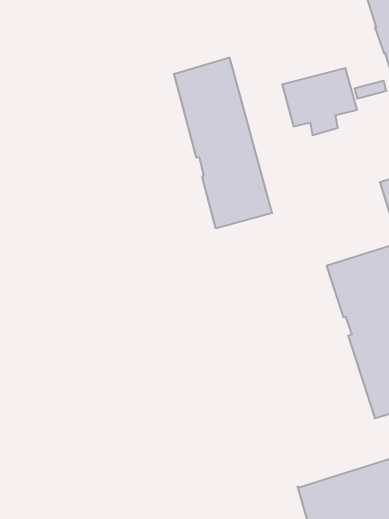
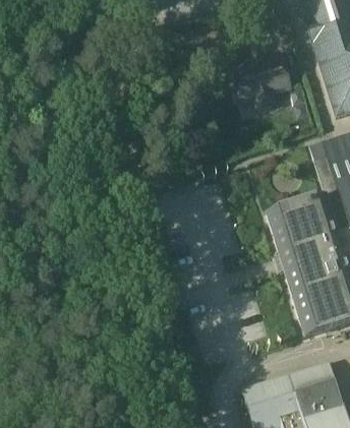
building: [174,57,272,228] -> none

